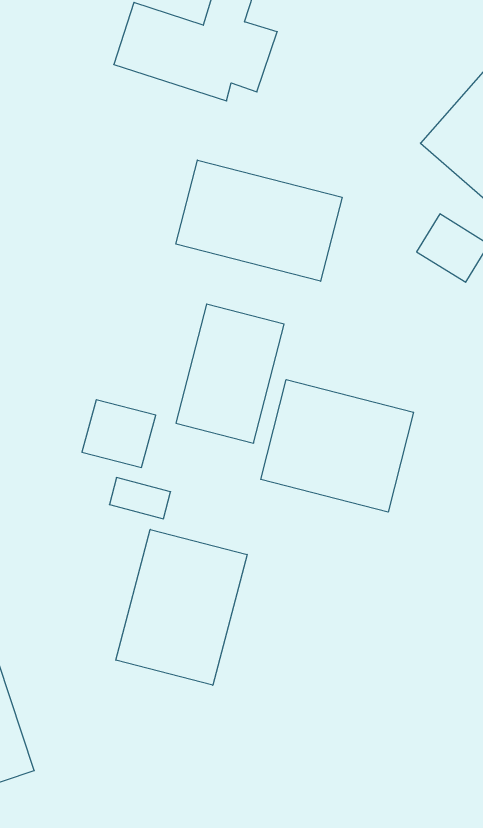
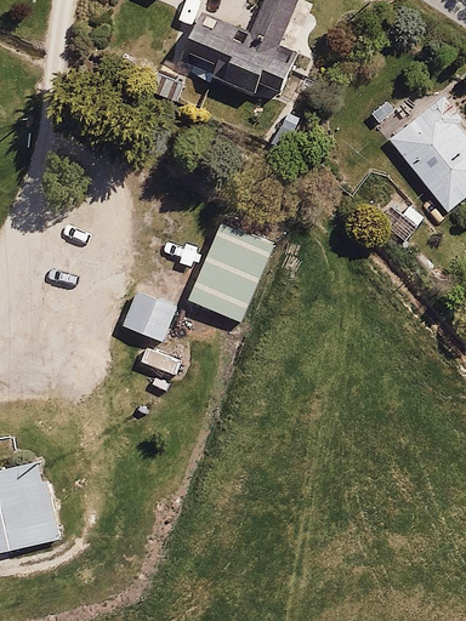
building: [176,160,342,281] -> none
building: [261,380,414,512] -> none
building: [116,529,247,685] -> none

